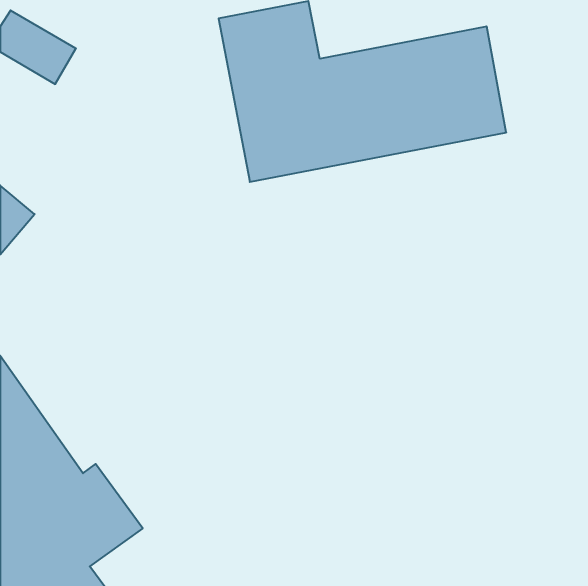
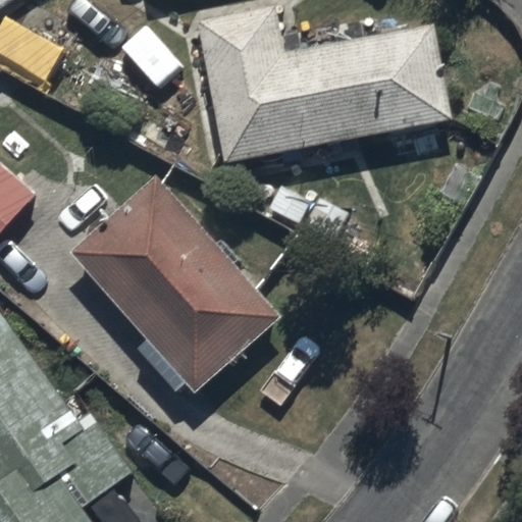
building: none -> [68,177,278,393]

